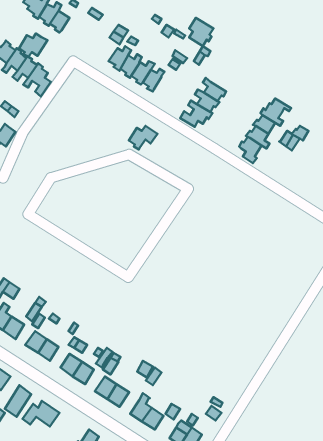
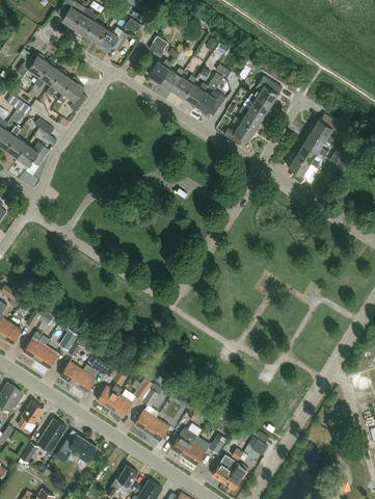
building: [189,18,214,46] -> [256,76,282,106]
building: [19,33,47,57] -> [98,27,128,52]
building: [129,126,157,149] -> [195,89,225,114]

